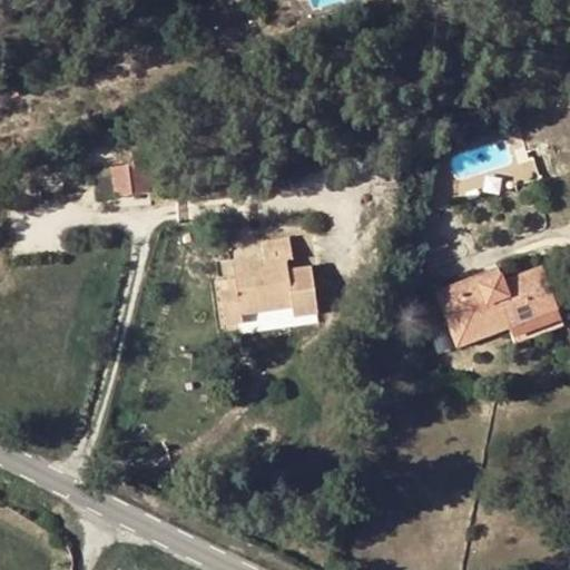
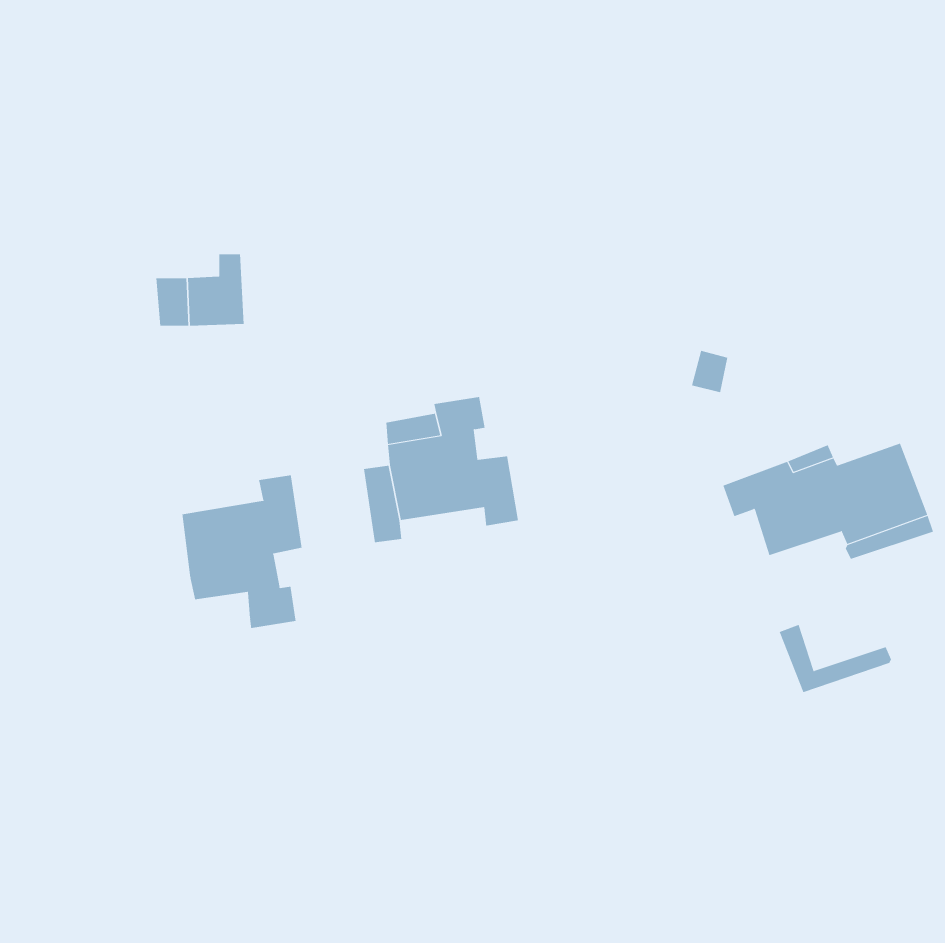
building: none -> [182,474,302,629]
building: [442,306,510,347] -> [779,624,892,693]

